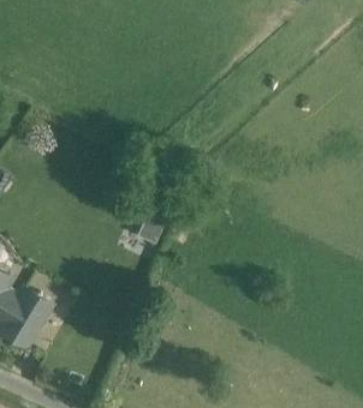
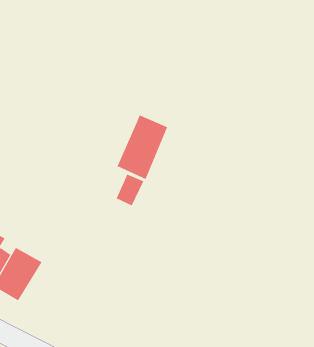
building: none -> [117,114,168,180]

